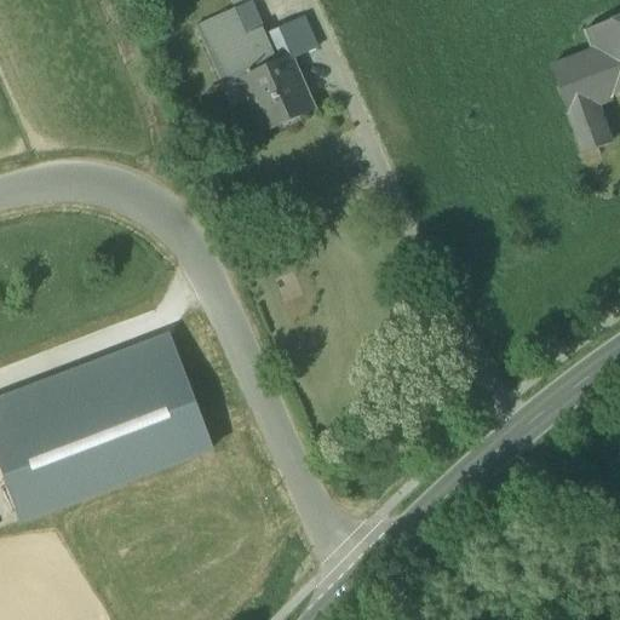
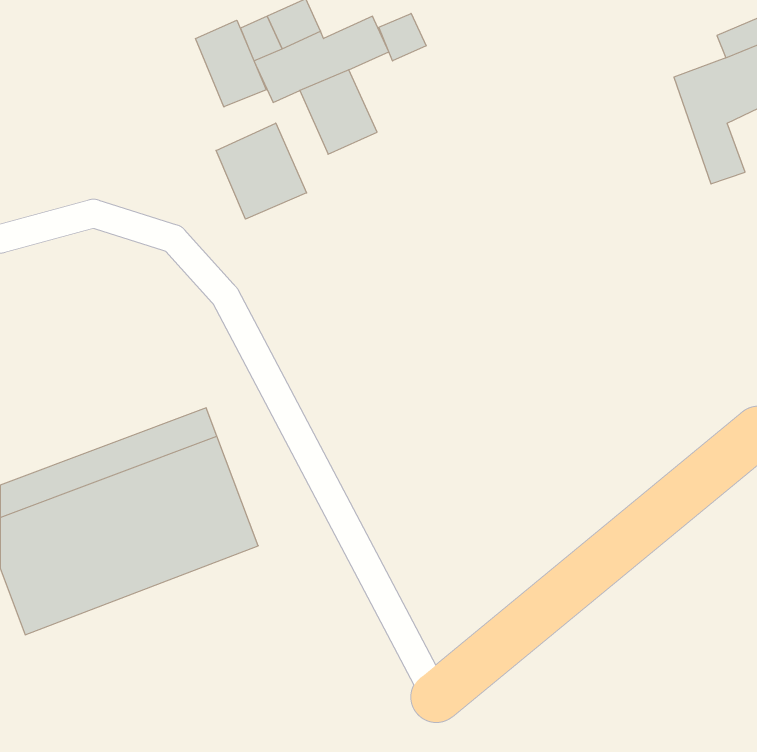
building: none -> [379,13,426,61]
building: none -> [196,20,266,107]
building: none -> [216,123,307,219]

